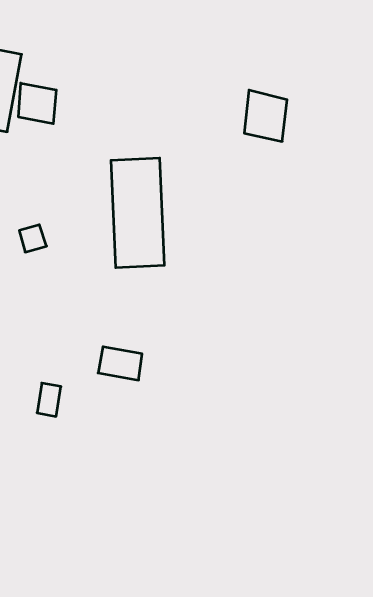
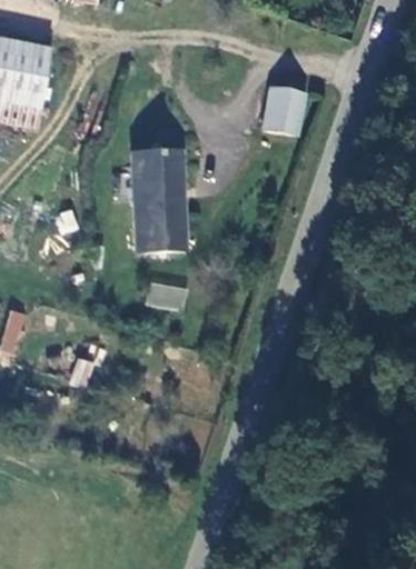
building: [19,83,56,124] -> none
building: [98,347,142,380] -> [142,281,184,312]

